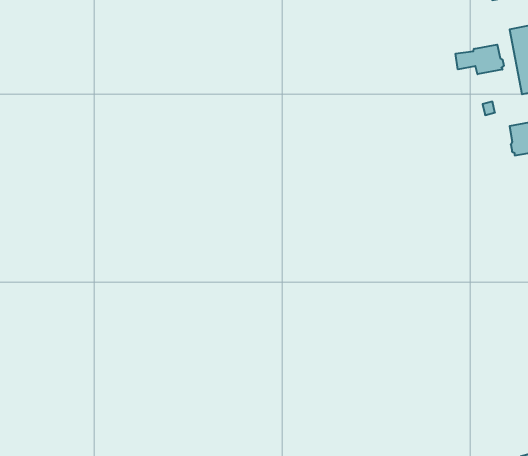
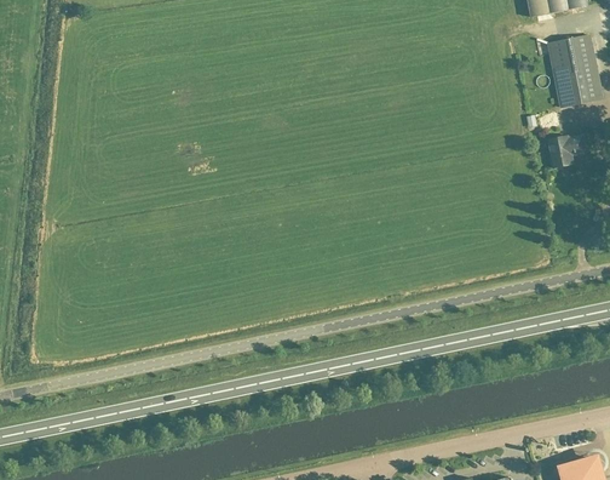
building: [456,45,504,74] -> none

